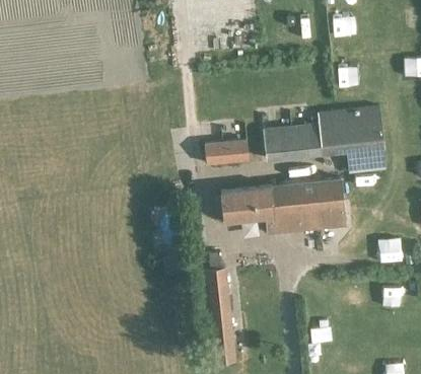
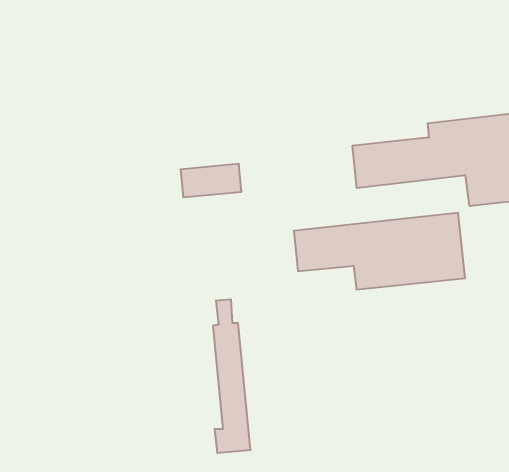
building: [205,140,250,164] -> [180,164,242,197]
building: [208,251,235,363] -> [213,299,251,453]

